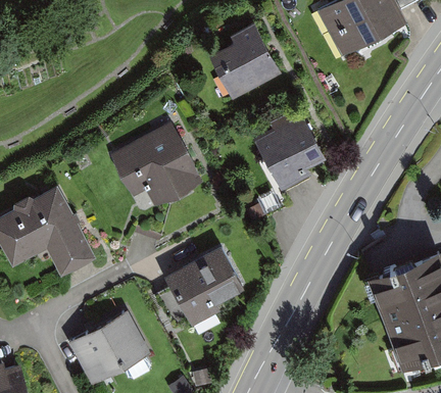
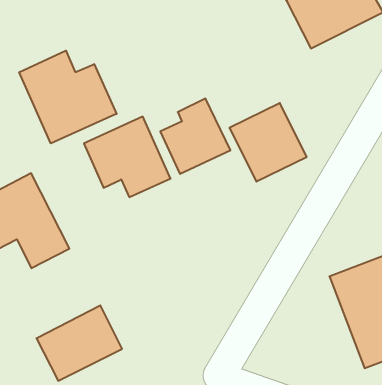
building: [214,22,284,97] -> [160,99,230,174]
building: none -> [19,51,117,143]
building: [164,243,241,325] -> none

